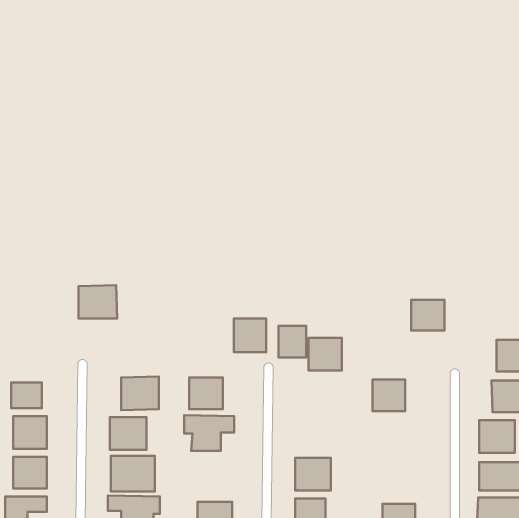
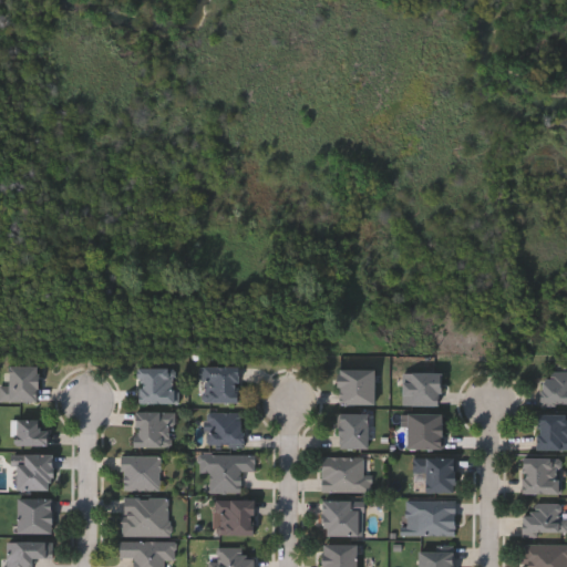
building: [78,285,117,319] -> [136,368,178,404]
building: [411,300,445,331] -> [402,373,439,406]
building: [234,319,266,352] -> [202,368,237,404]
building: [279,326,306,357] -> [338,415,368,450]
building: none -> [8,367,37,402]
building: none -> [321,458,372,492]
building: none -> [414,458,454,494]
building: none -> [218,501,256,536]
building: none -> [406,502,454,536]

